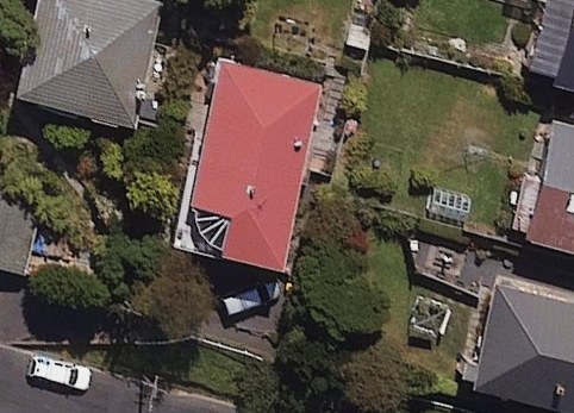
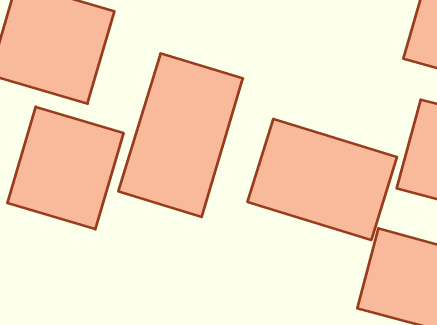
building: none -> [7,107,123,229]
building: none -> [248,119,397,240]

